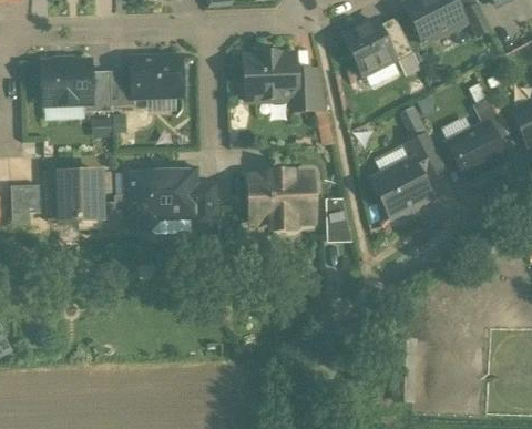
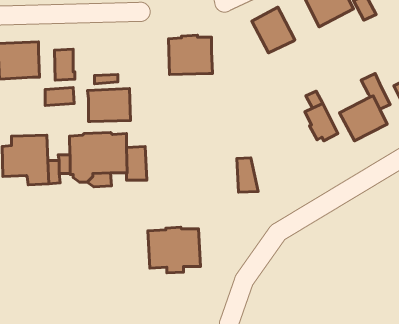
building: [377,17,412,61] -> none
building: [130,57,181,95] -> [88,89,131,121]
building: [291,69,326,110] -> none
building: [83,70,110,111] -> none
building: [371,160,430,216] -> none
building: [249,173,311,227] -> [148,227,200,273]

